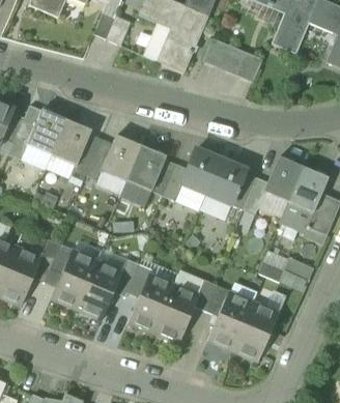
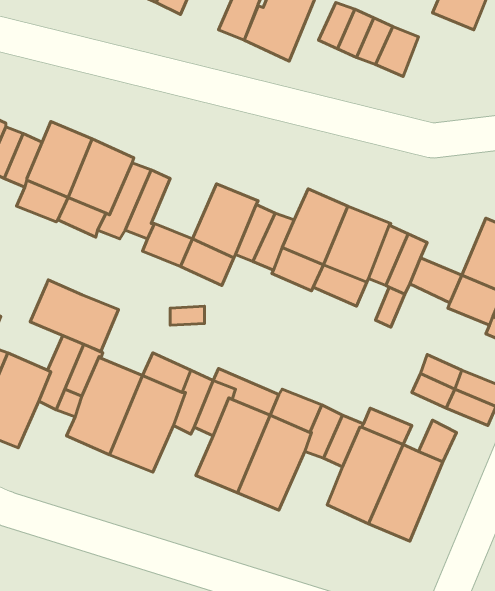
building: [102,136,141,179] -> none
building: [263,156,303,201] -> none
building: none -> [30,280,119,351]

